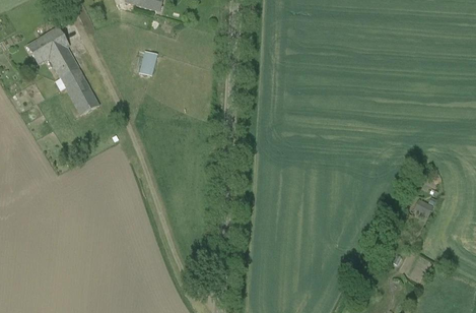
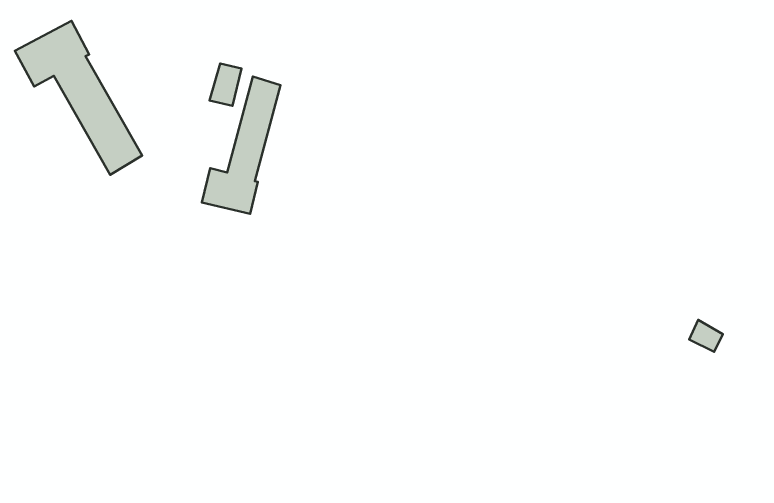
building: none -> [202,76,281,214]

